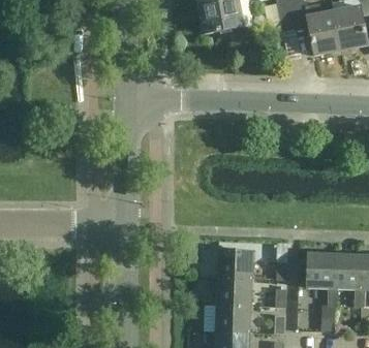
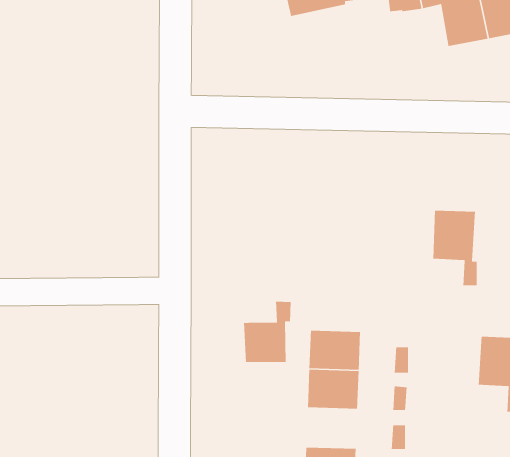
building: none -> [243,301,291,363]
building: [307,252,338,305] -> [433,210,477,286]
building: [216,303,252,330] -> none

